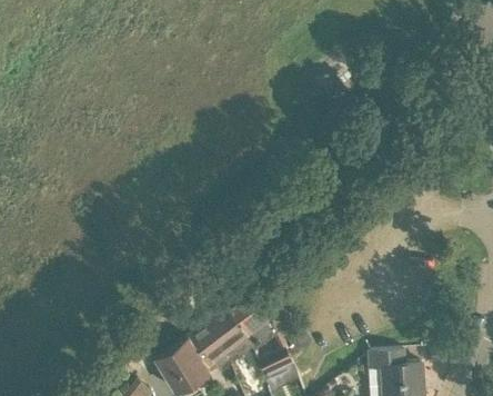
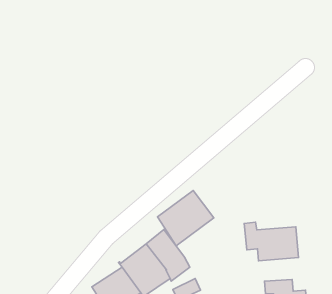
building: none -> [157,191,214,246]
building: none -> [244,222,298,261]

